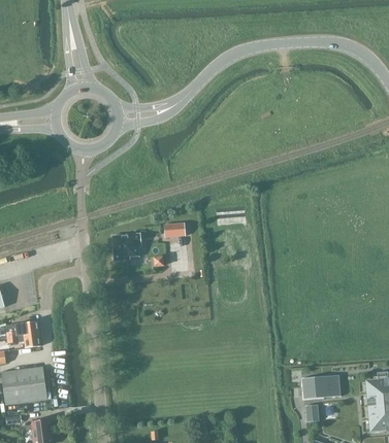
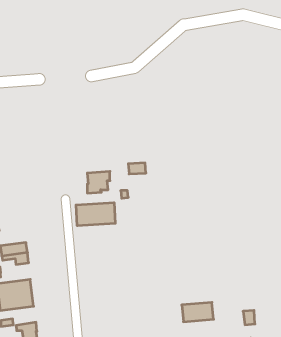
building: none -> [76,203,115,226]
building: [301,375,341,399] -> [182,302,214,322]

